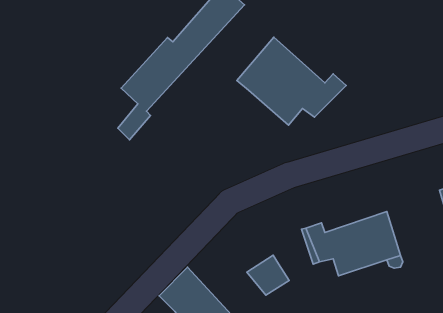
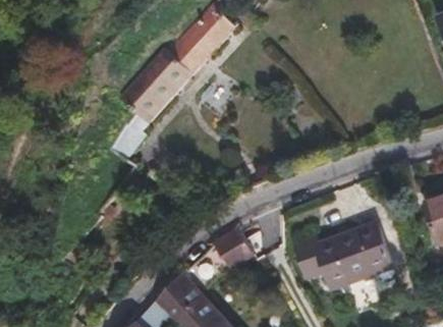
building: [237,37,346,125] -> none
building: [247,255,289,295] -> [214,230,255,269]

